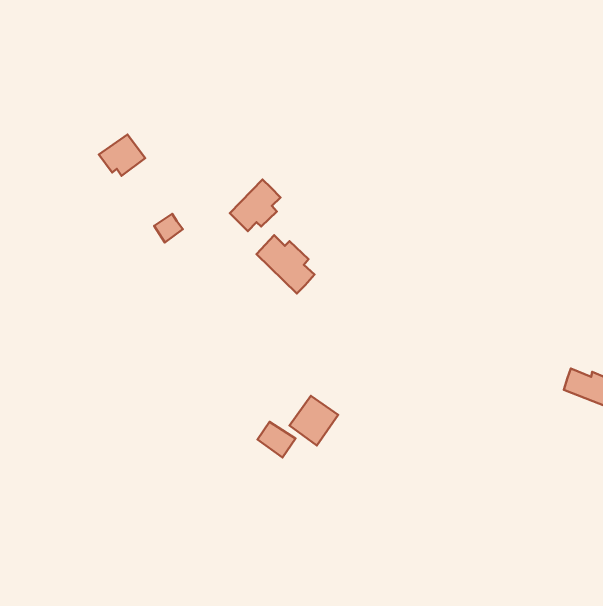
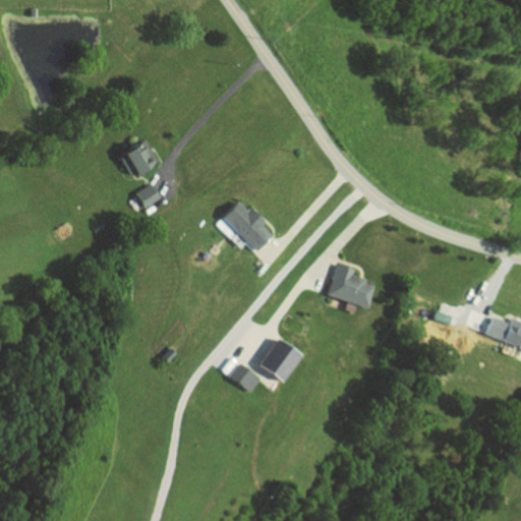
building: [99,134,145,176] -> [119,141,159,177]
building: [230,180,281,231] -> none
building: none -> [330,264,377,309]

